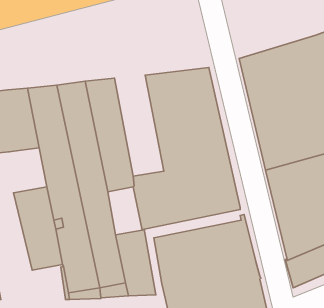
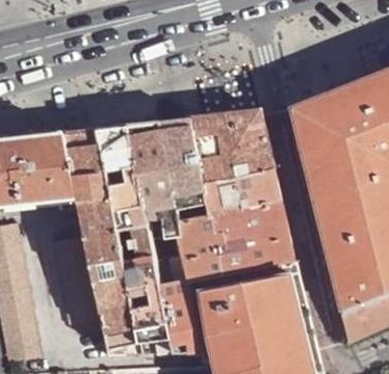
building: none -> [159,118,211,225]

